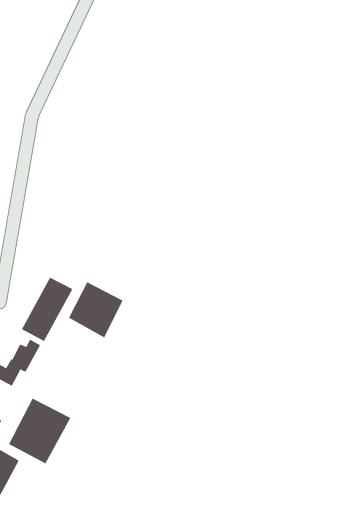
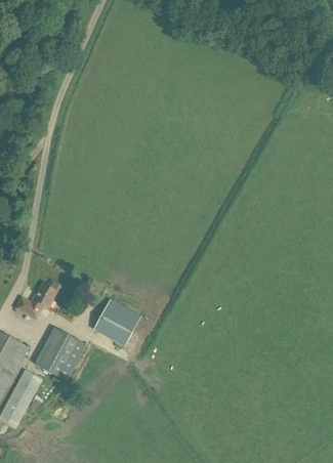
building: [21,277,73,342] -> none
building: [68,282,123,338] -> [94,299,139,345]

